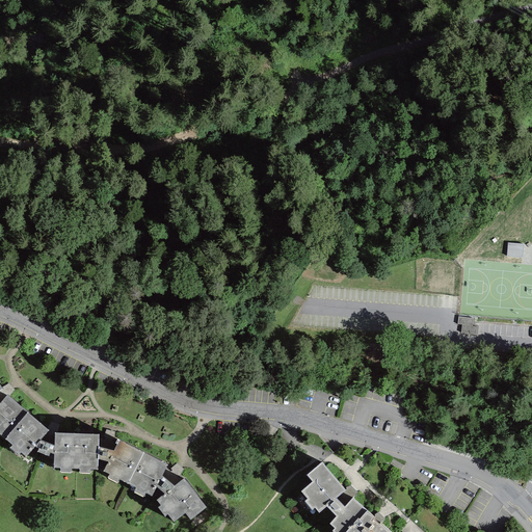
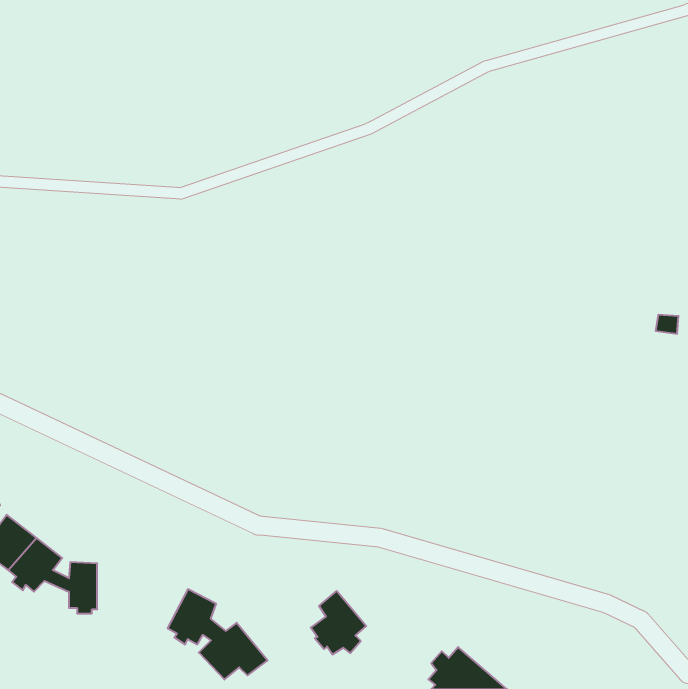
building: [75,433,144,483] -> none
building: [301,462,344,511] -> [311,591,366,654]

